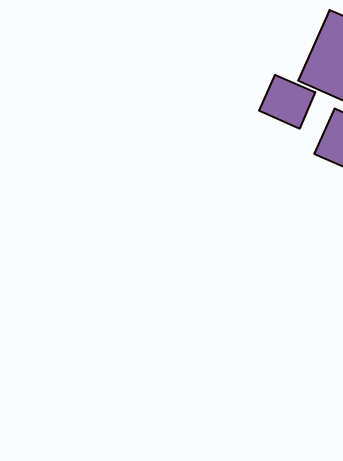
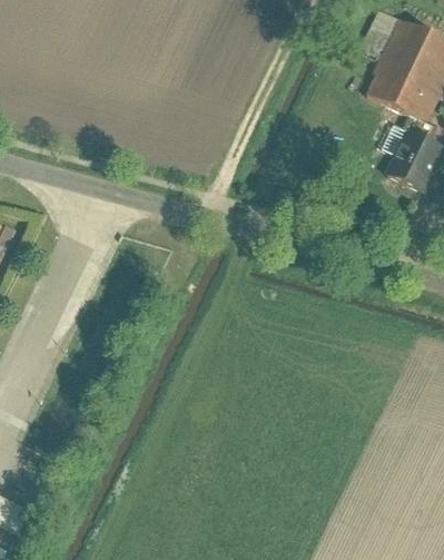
building: [259,75,315,129] -> none

